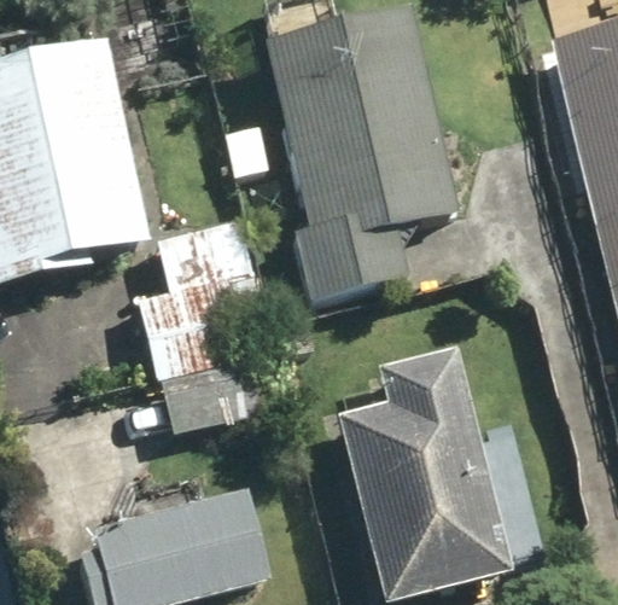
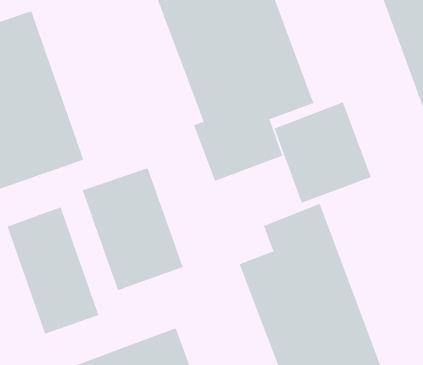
building: none -> [274,102,372,203]
building: none -> [7,206,99,334]

